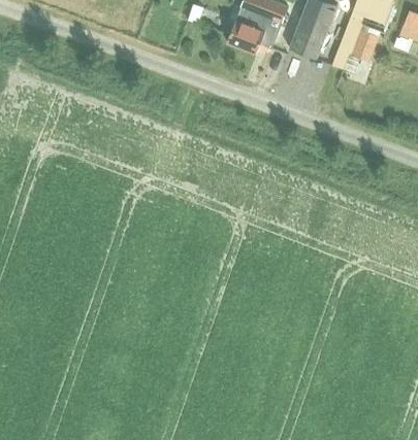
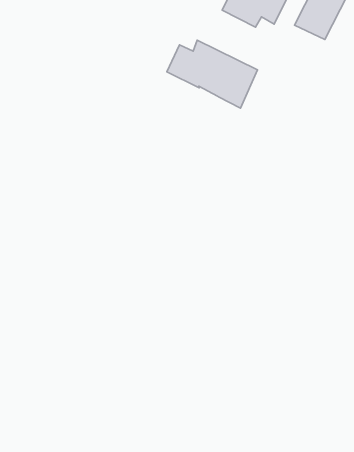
building: none -> [167,40,257,108]

